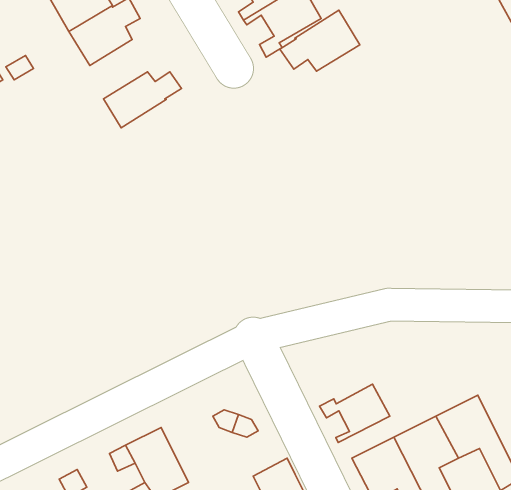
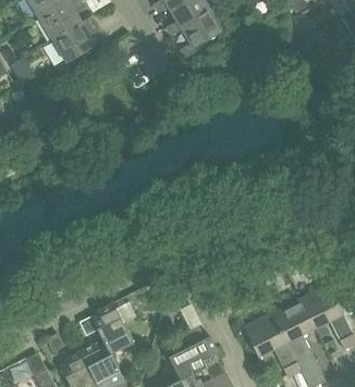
building: [280,10,360,71] -> none
building: [104,72,182,128] -> none
building: [320,384,390,443] -> none

